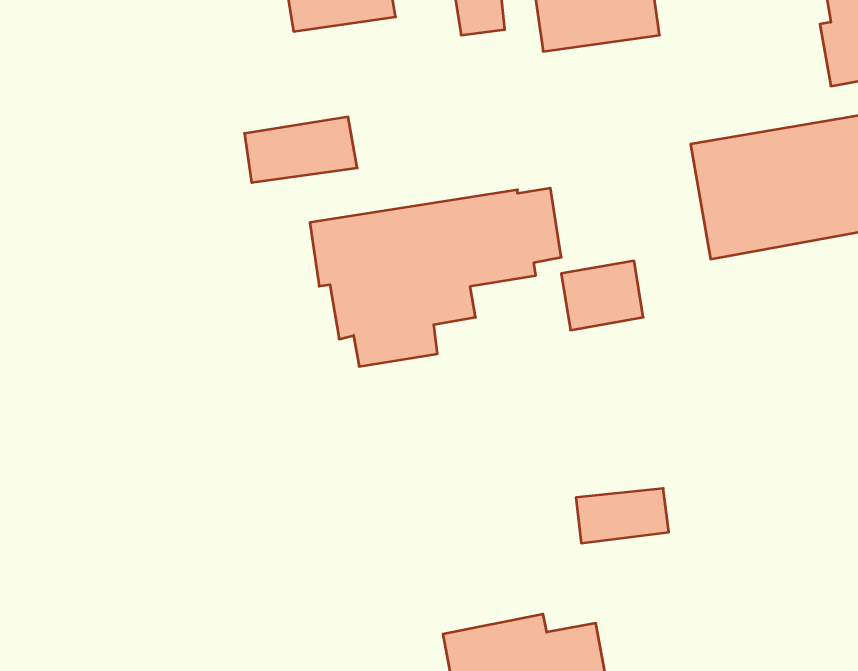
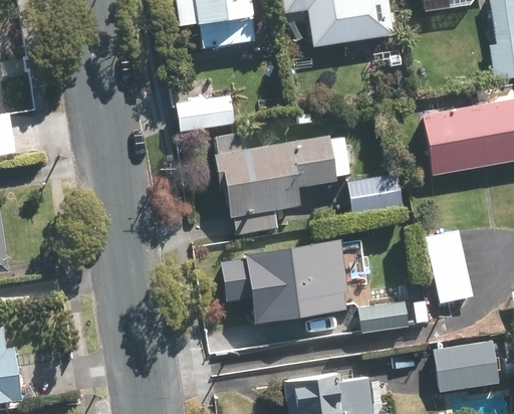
building: none -> [427,229,474,301]
building: none -> [219,239,373,326]
building: none -> [433,339,502,392]

